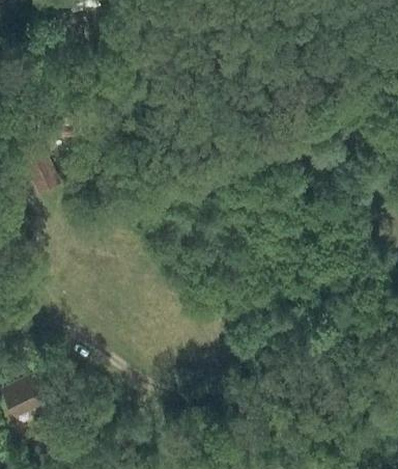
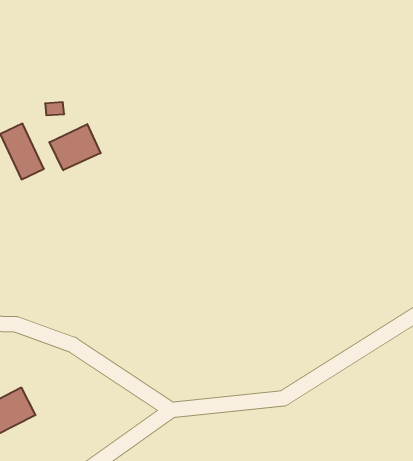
building: none -> [49,124,101,170]

